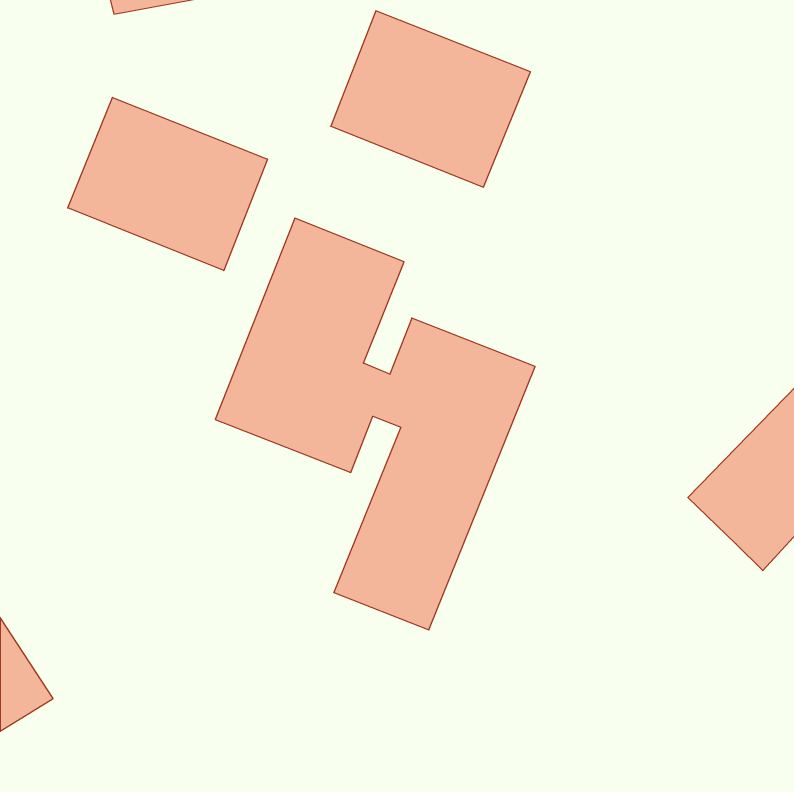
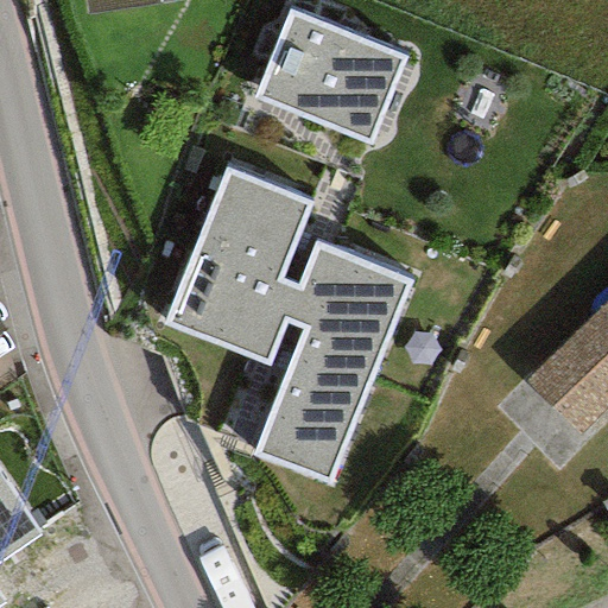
building: [68,97,267,271] -> none

